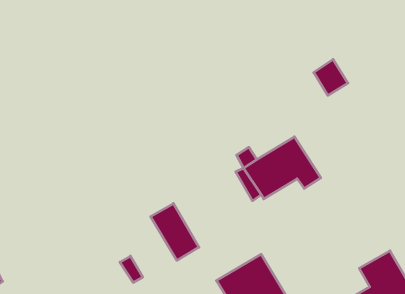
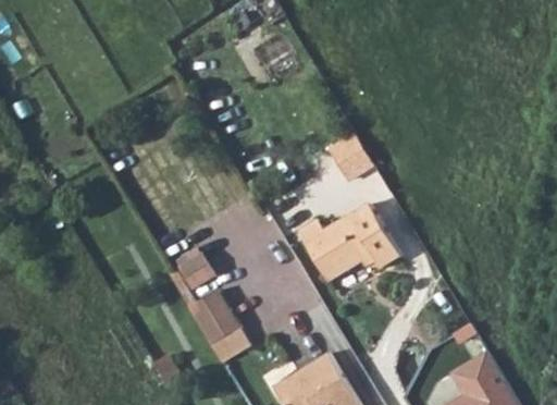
building: [314,59,348,95] -> [332,133,374,177]
building: none -> [175,245,216,289]

